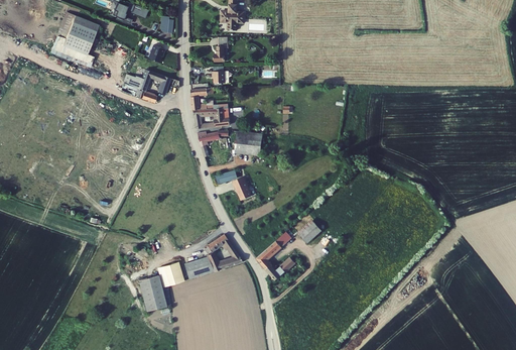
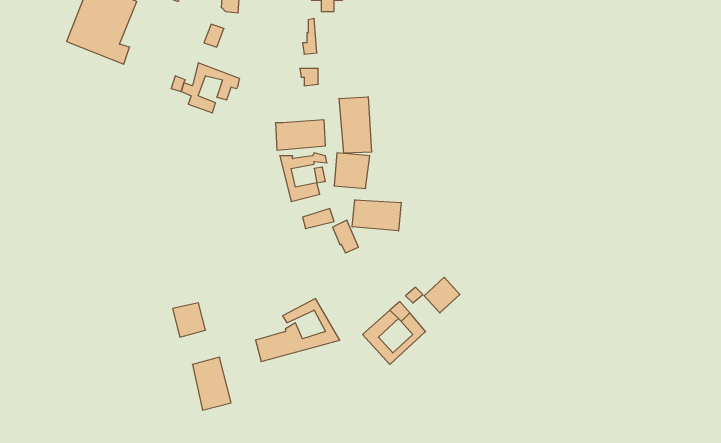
building: none -> [339,97,371,153]
building: none -> [352,200,401,231]
building: [158,259,181,283] -> [173,303,206,337]

